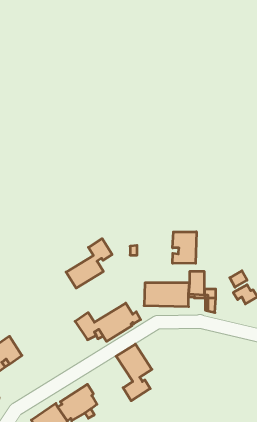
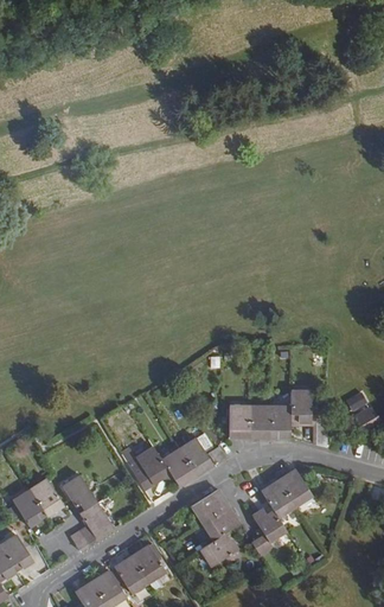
building: [173,232,196,263] -> none
building: [66,239,112,288] -> none
building: none -> [250,468,312,556]
building: none -> [63,475,113,549]

